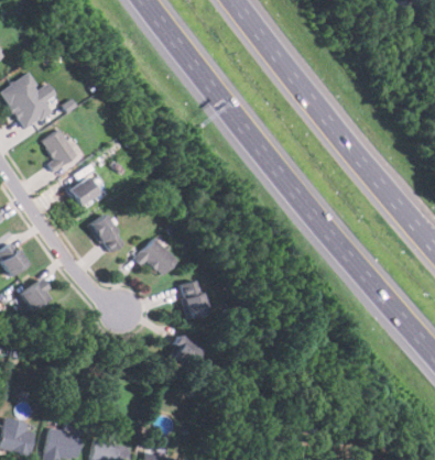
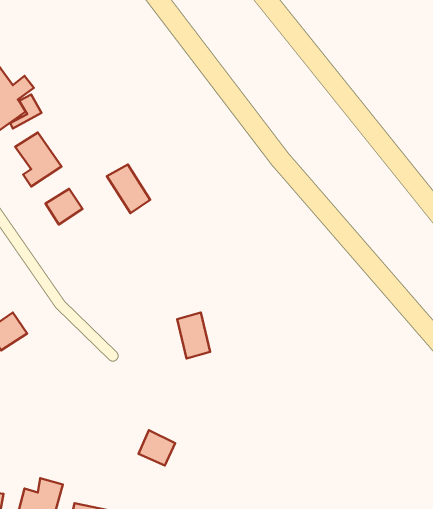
building: [88,213,124,254] -> [107,164,150,213]
building: [133,237,177,275] -> none
building: [168,335,199,364] -> [138,430,175,466]

